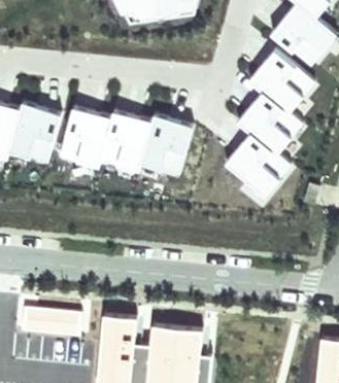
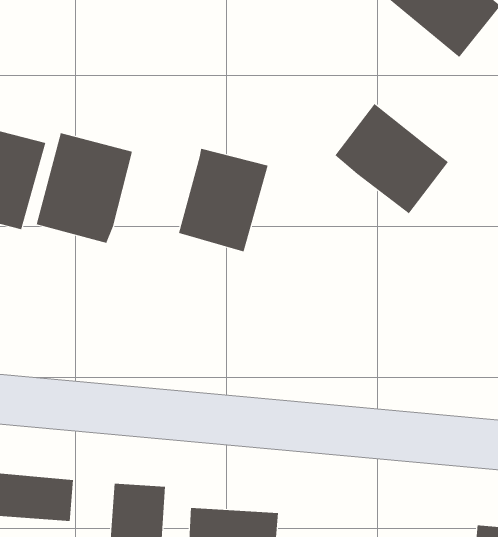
building: [246,45,315,112] -> none
building: [103,110,154,170] -> none
building: [224,130,292,195] -> none

